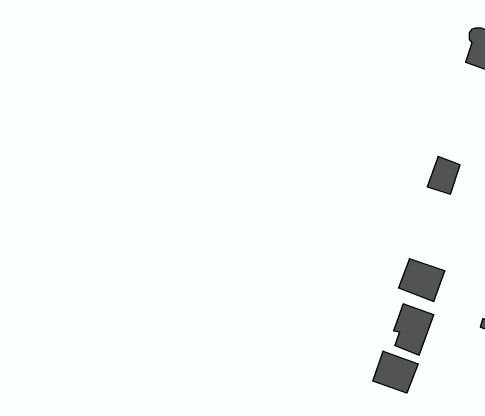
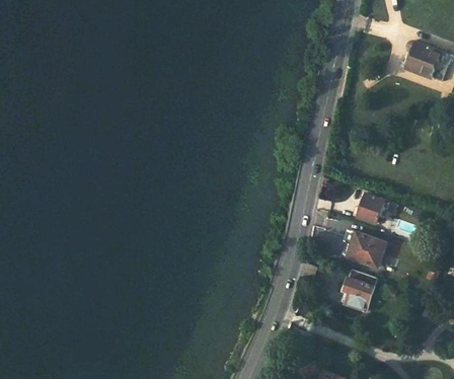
building: [427,156,460,194] -> [357,192,384,223]
building: [373,351,418,393] -> none

